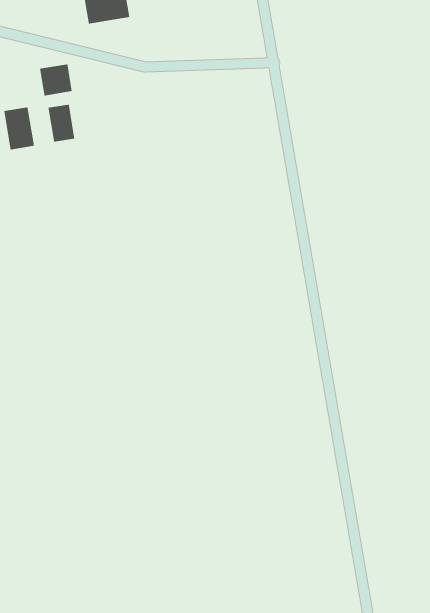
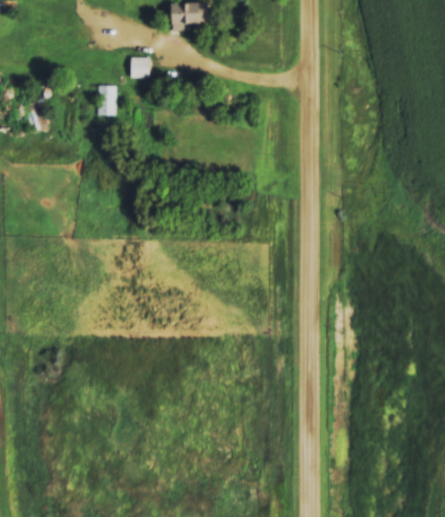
building: [48,104,75,143] -> none

